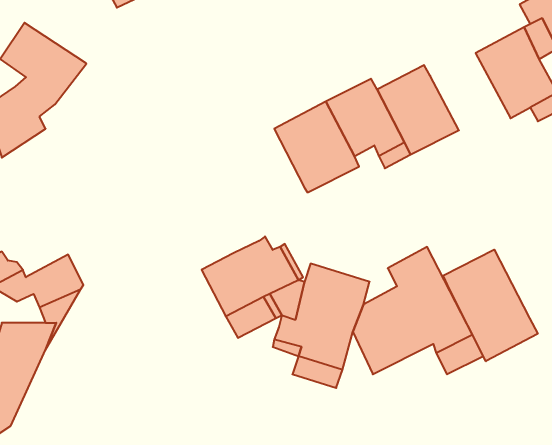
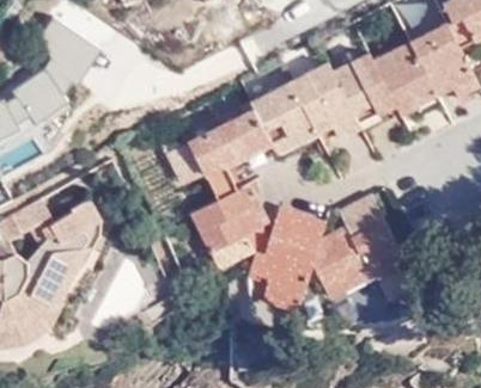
building: none -> [373,43,437,112]
building: none -> [166,103,274,201]
building: [443,250,538,361] -> none

